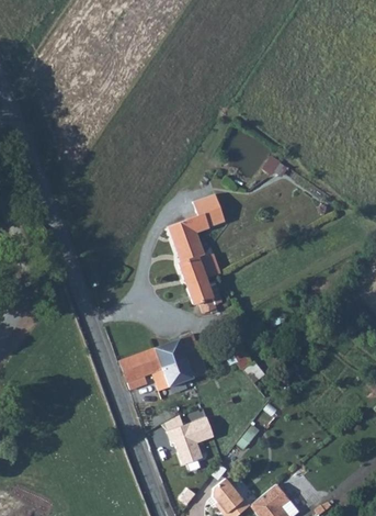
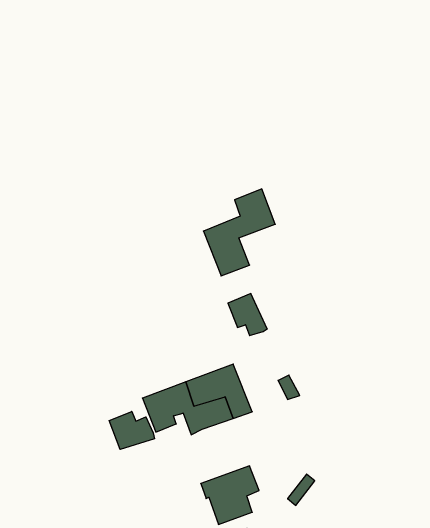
building: [182,253,223,288] -> none
building: none -> [109,411,154,449]

